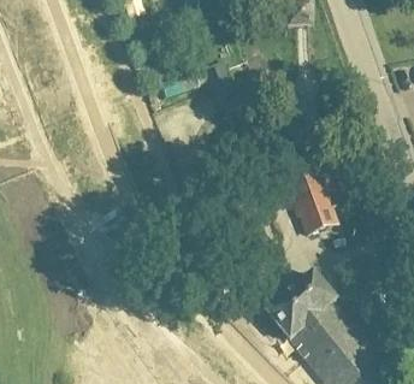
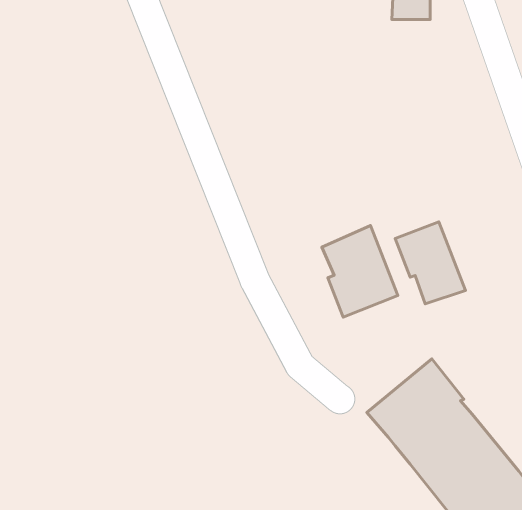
building: none -> [322,226,398,317]

